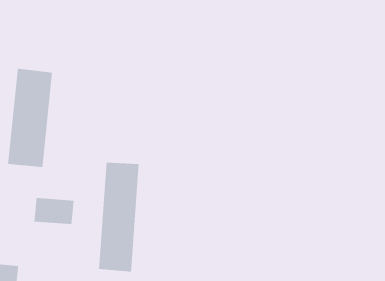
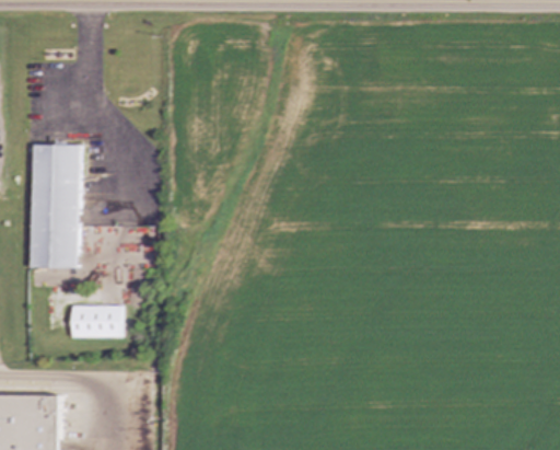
building: [98,162,140,272] -> none

